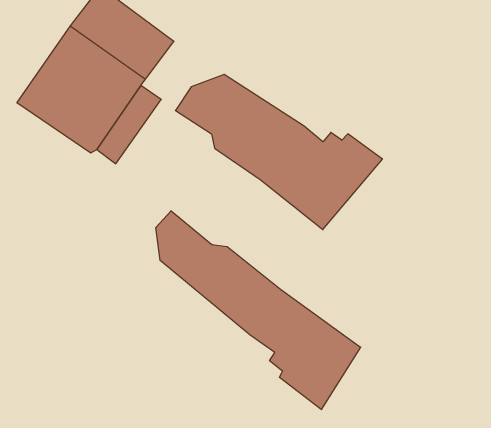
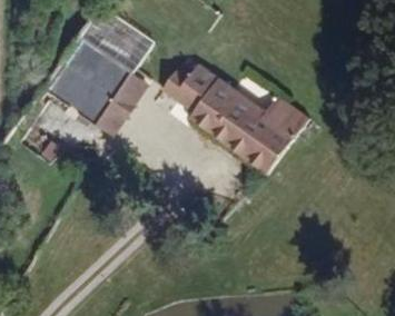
building: [156,211,361,410] -> none

